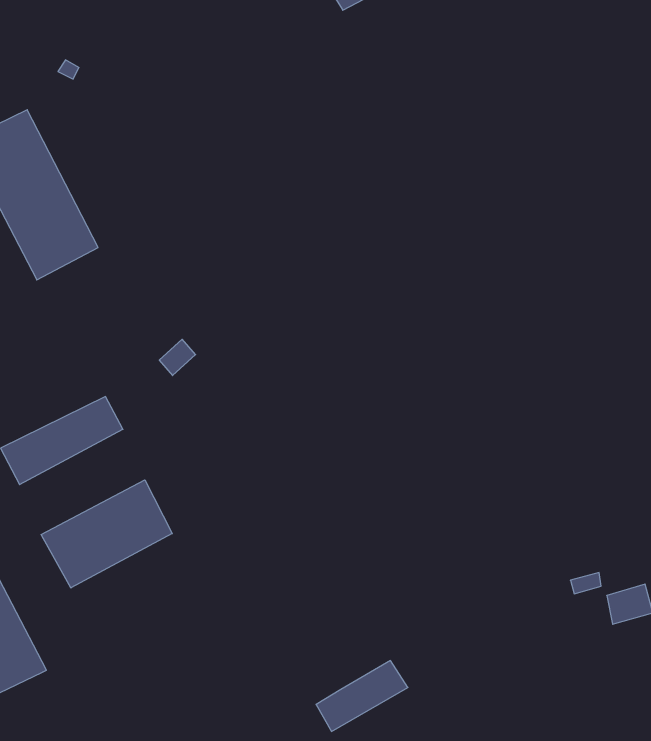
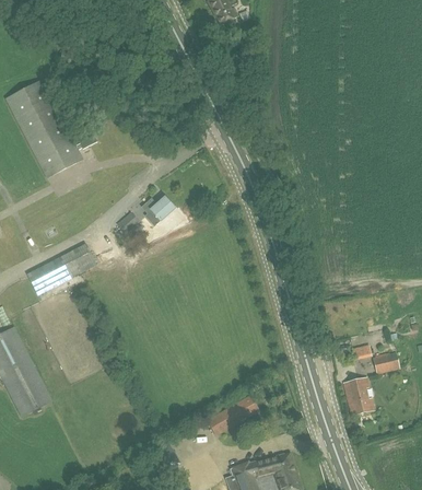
building: none -> [141,197,173,226]
building: [41,480,172,588] -> none
building: none -> [343,377,373,415]

